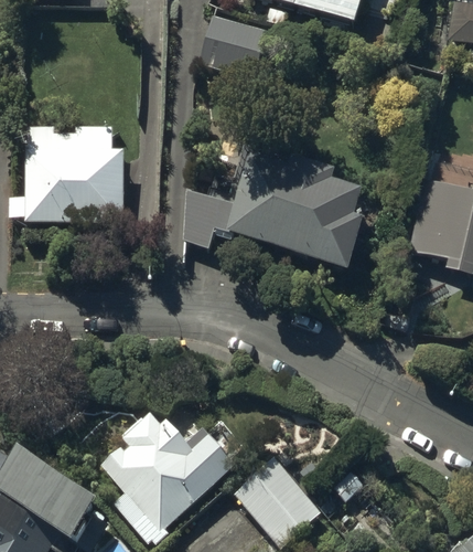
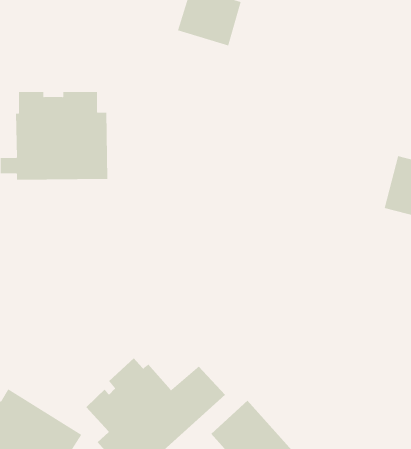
building: [182,137,367,270] -> none

